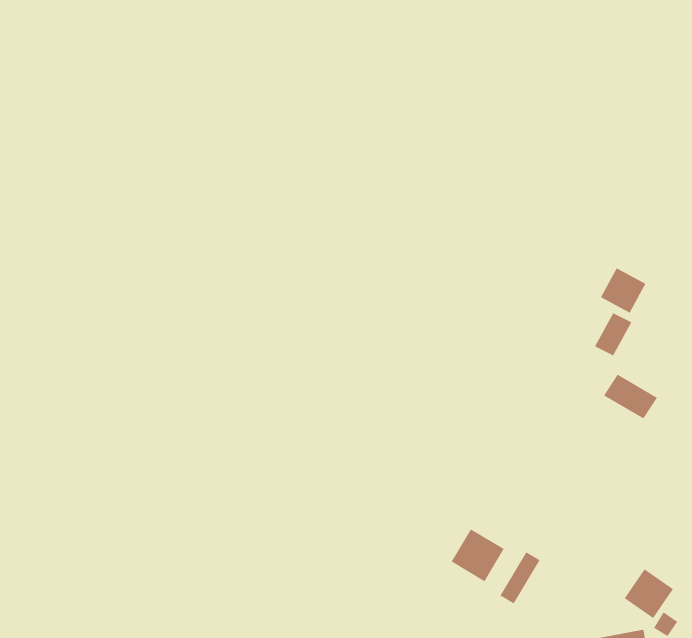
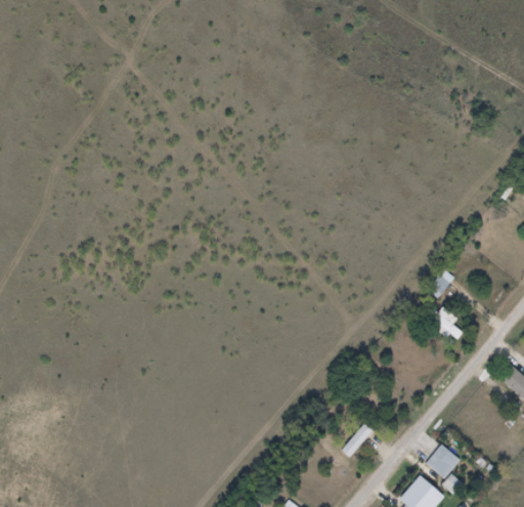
building: [600,267,646,314] -> none
building: [451,528,505,582] -> none

